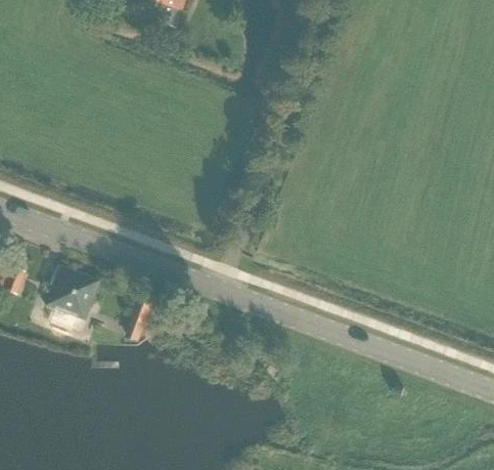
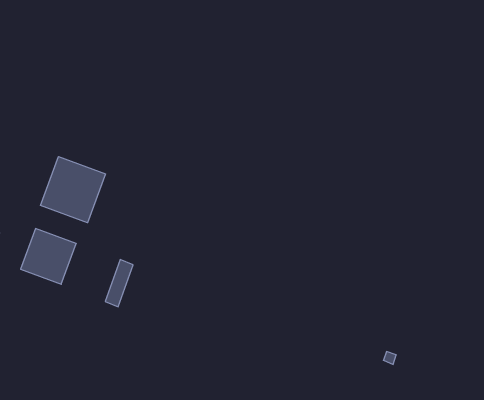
building: none -> [41,157,106,223]

